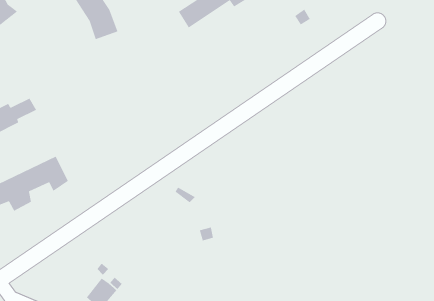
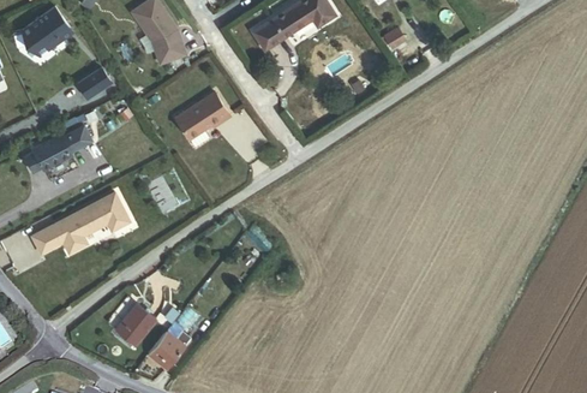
building: none -> [77,69,113,99]
building: none -> [176,91,229,145]
building: none -> [116,303,157,345]

